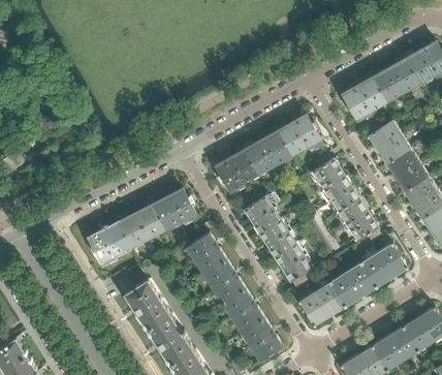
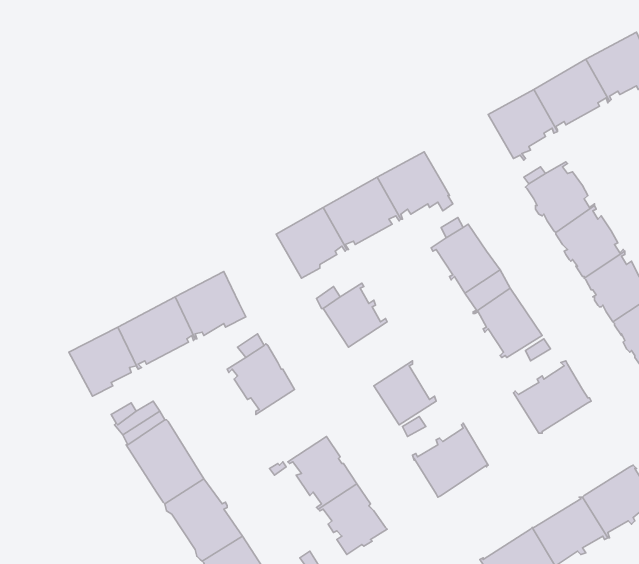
building: [259,219,298,258] -> none
building: [202,260,246,305] -> none
building: [329,262,376,307] -> none

